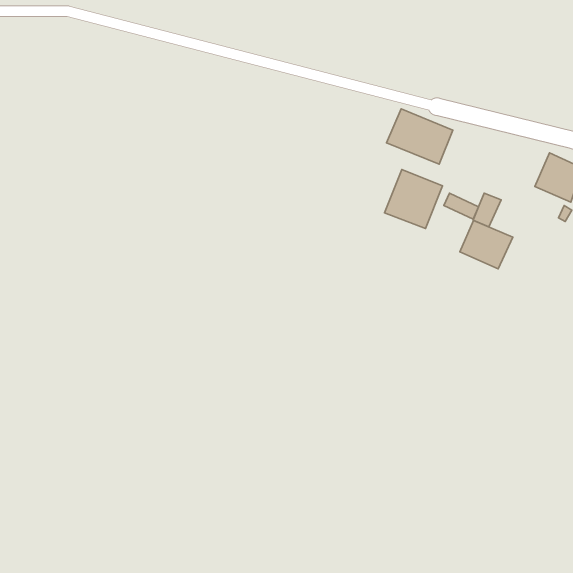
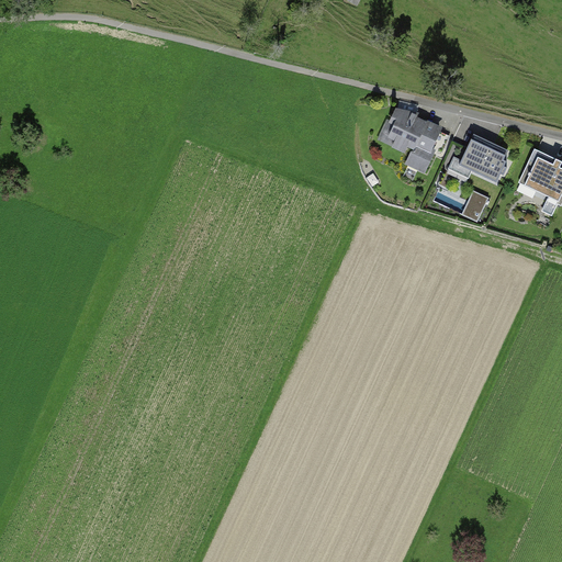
building: [384,169,442,229] -> none
building: [460,220,513,269] -> [459,136,510,183]

